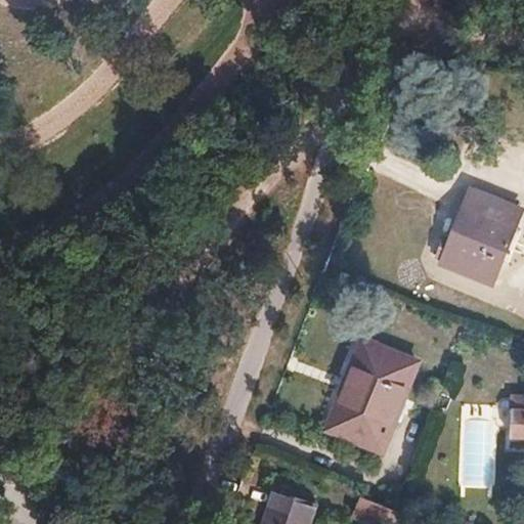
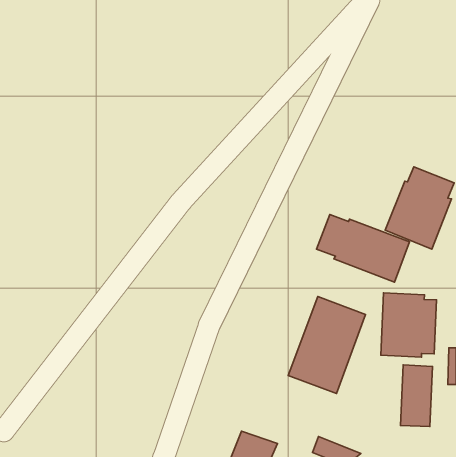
building: none -> [317,215,410,282]
building: none -> [381,293,437,357]

